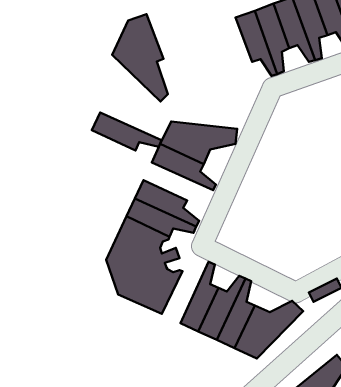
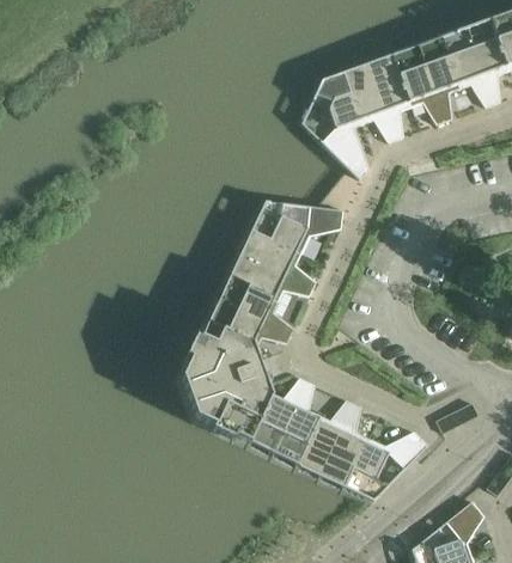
building: [112,14,168,101] -> [299,67,371,179]
building: [92,112,162,150] -> [225,253,315,302]
building: none -> [249,378,309,460]

